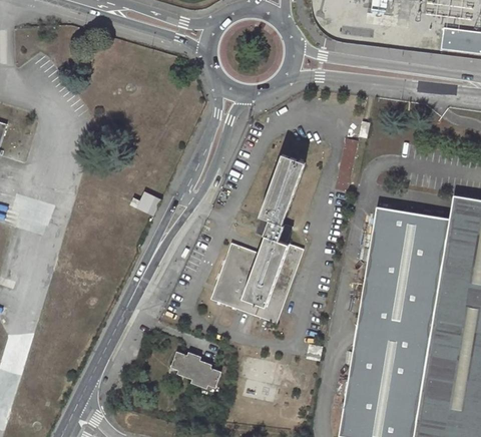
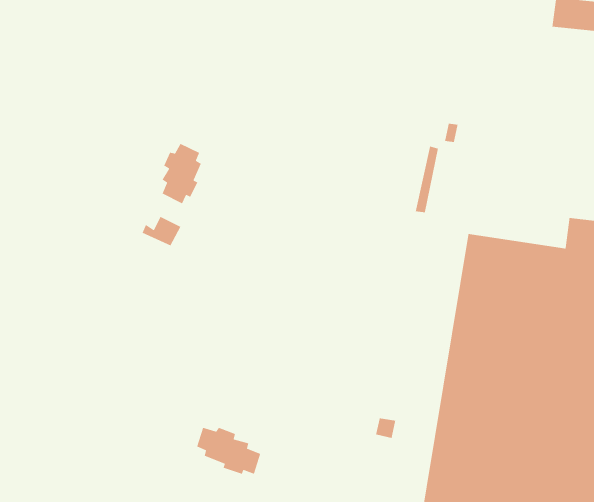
building: none -> [161,143,202,205]
building: [211,149,306,323] -> none

